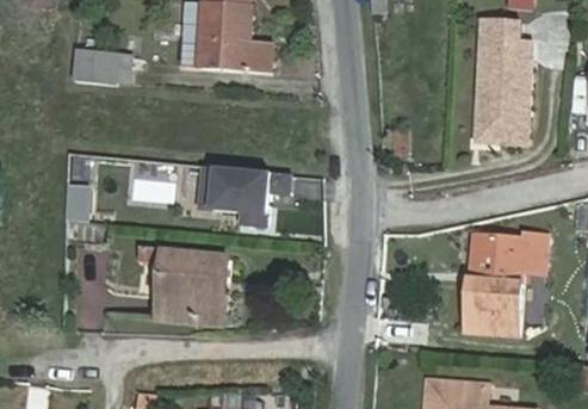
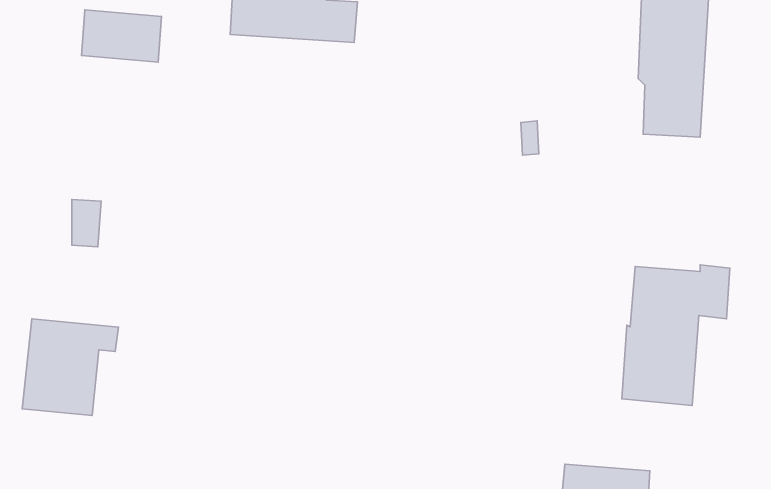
building: [198,165,290,225] -> none
building: [159,252,229,322] -> [22,319,118,415]

